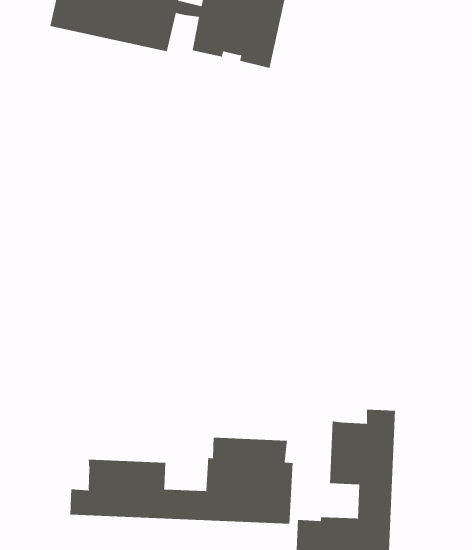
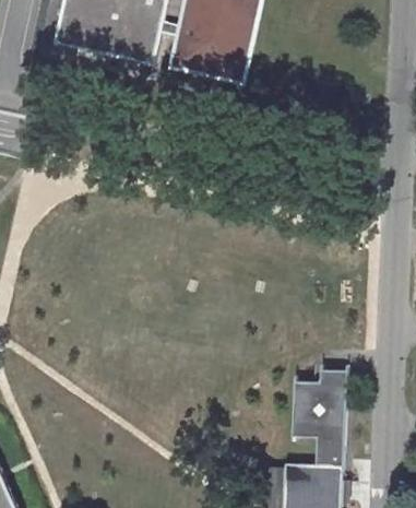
building: [70,437,293,525] -> none

